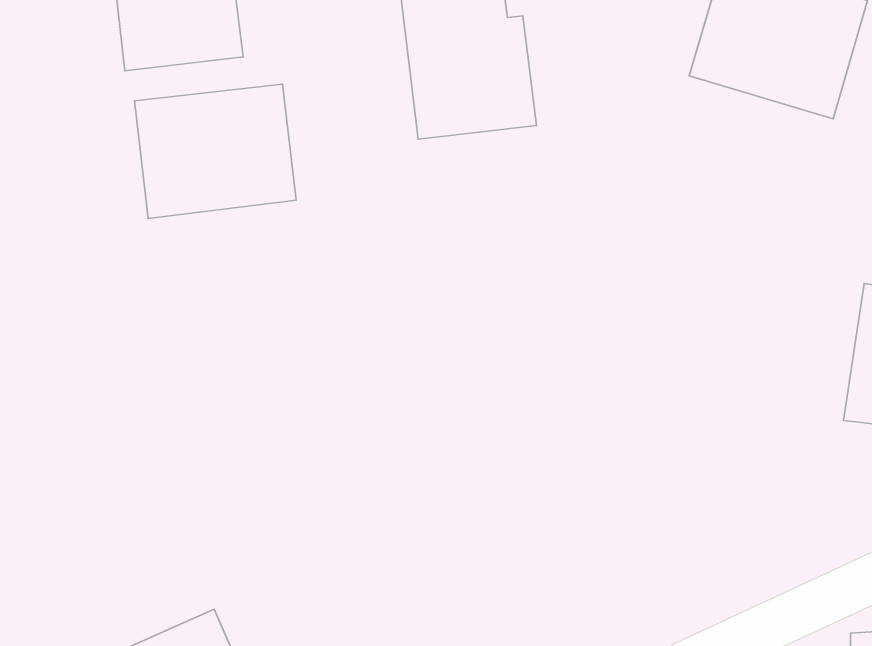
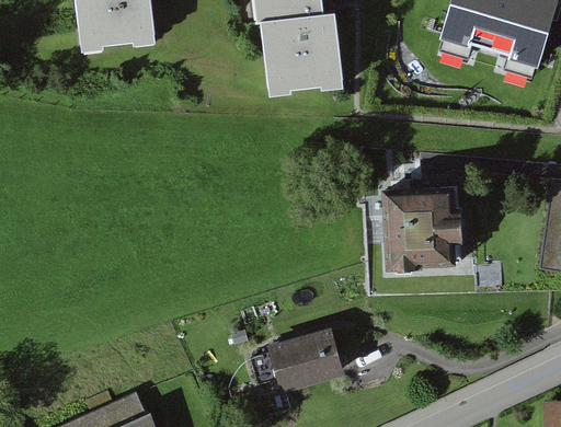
building: [134,84,296,219] -> none
building: none -> [383,187,466,276]
building: none -> [267,338,344,394]

